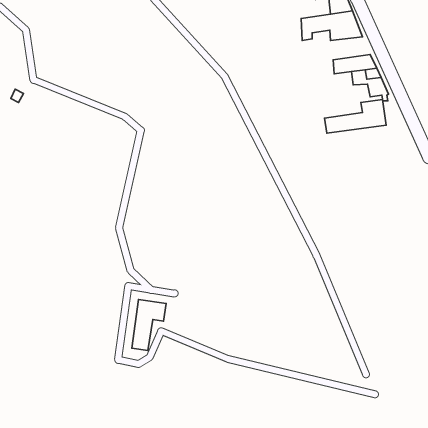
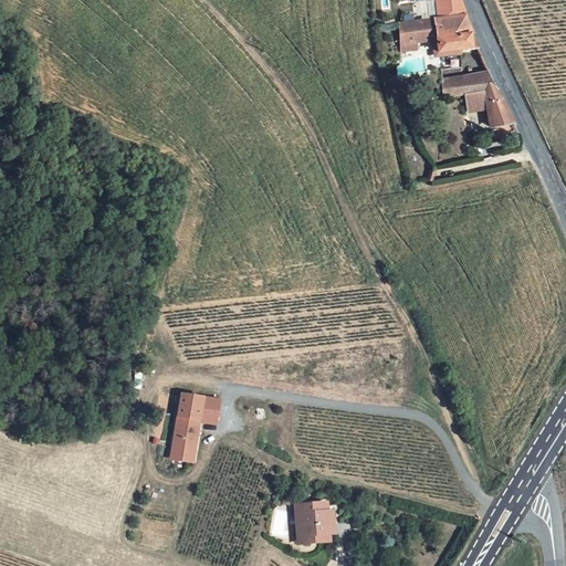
building: [324,99,386,133] -> none
building: none -> [292,501,326,539]

